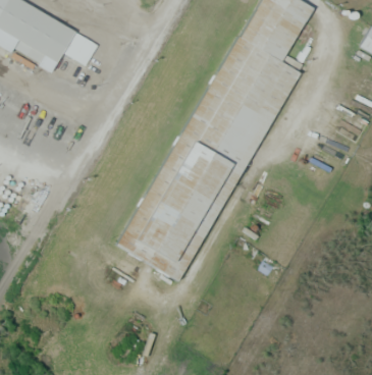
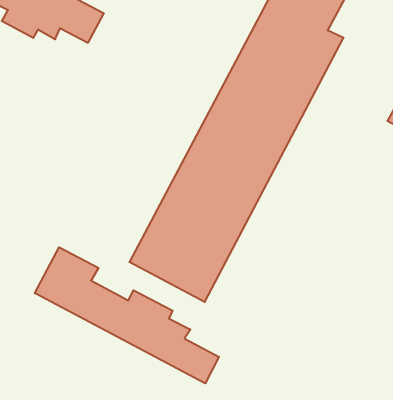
building: none -> [35,247,219,383]

